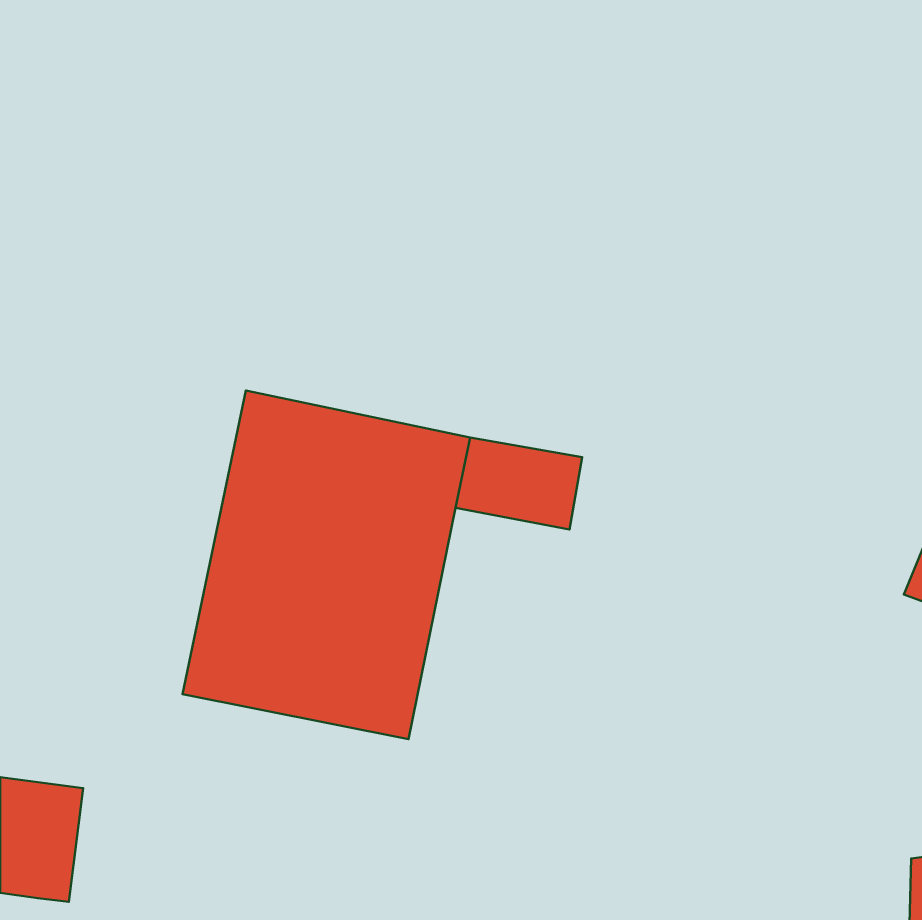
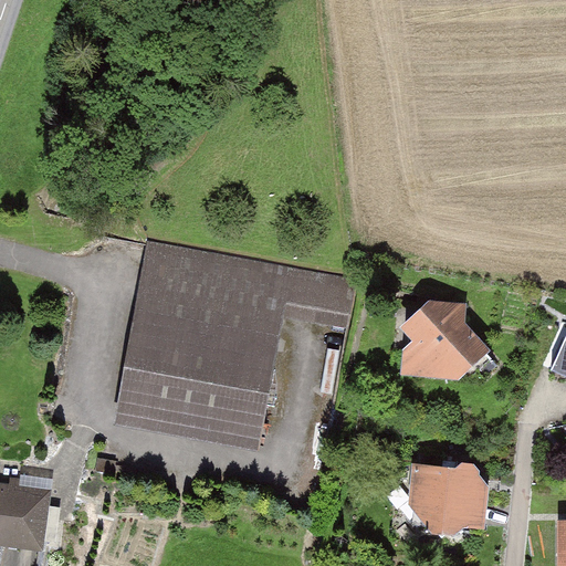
building: none -> [400,303,481,385]
building: none -> [409,455,491,541]

